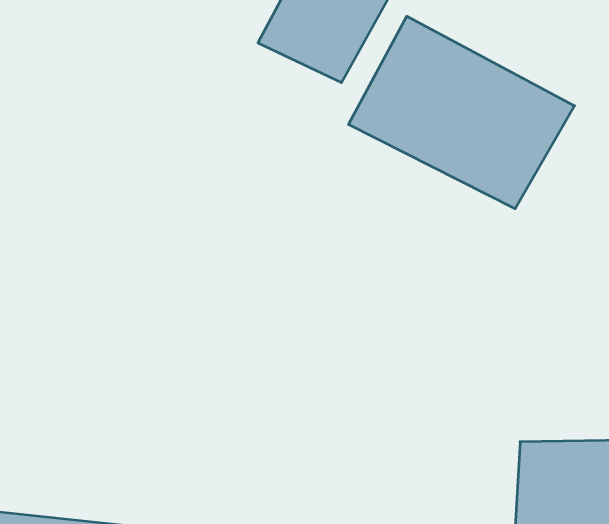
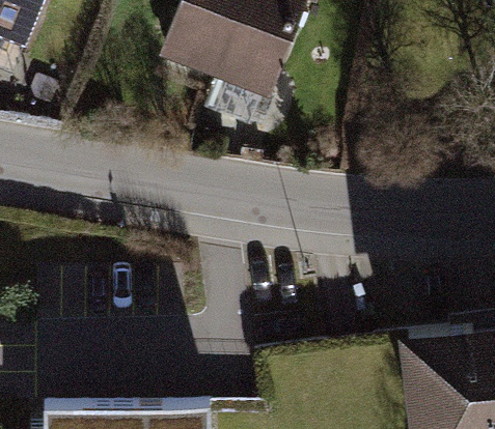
building: [349,16,575,209] -> none

